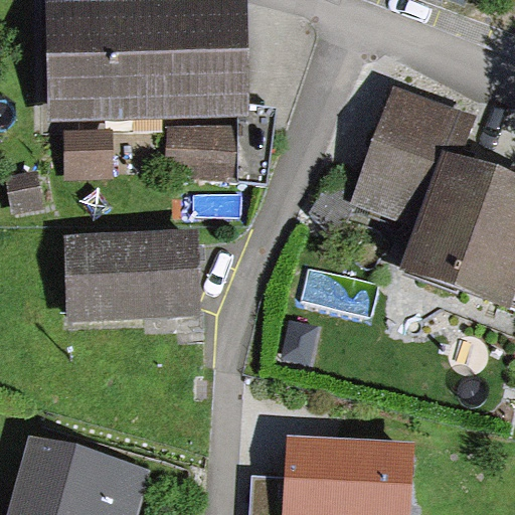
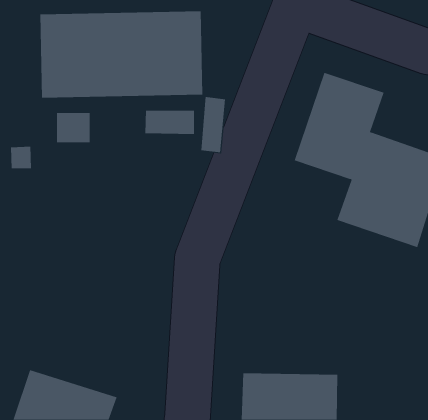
building: [72,240,196,318] -> none

